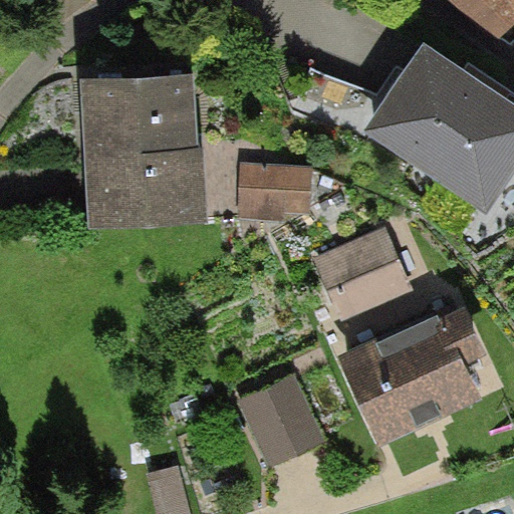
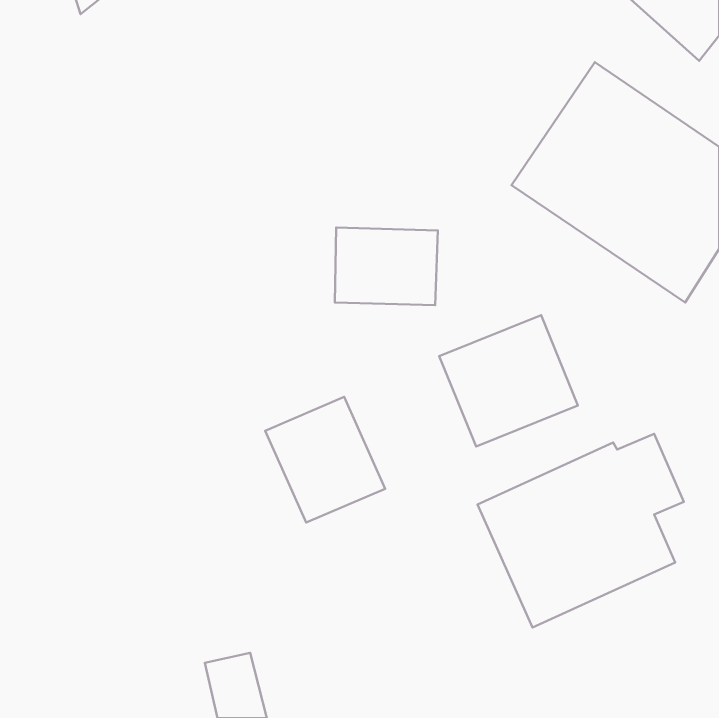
building: [80,76,208,230] -> none
building: [237,375,322,465] -> [265,397,385,523]

